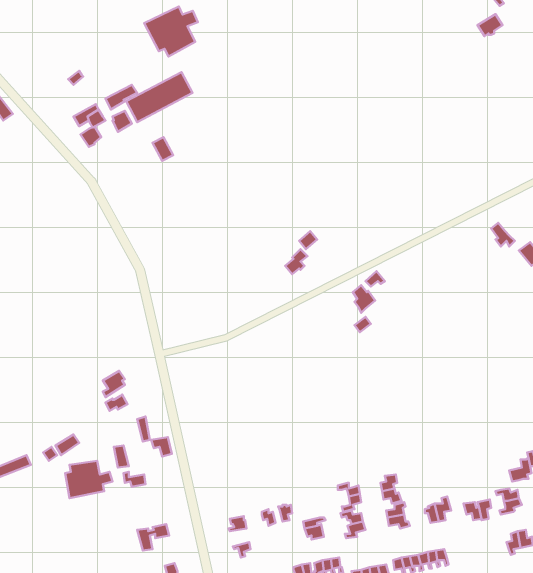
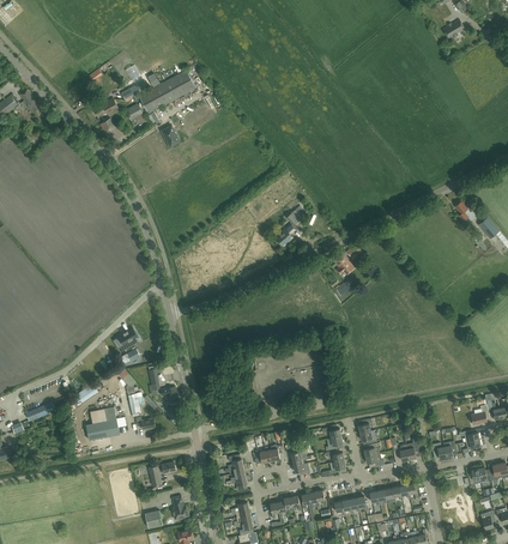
building: [144,7,198,57] -> none

